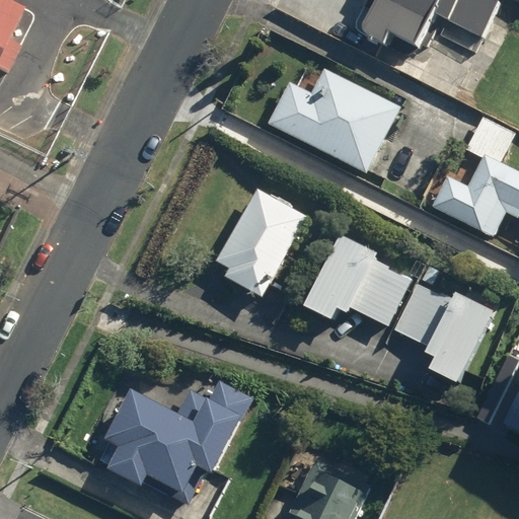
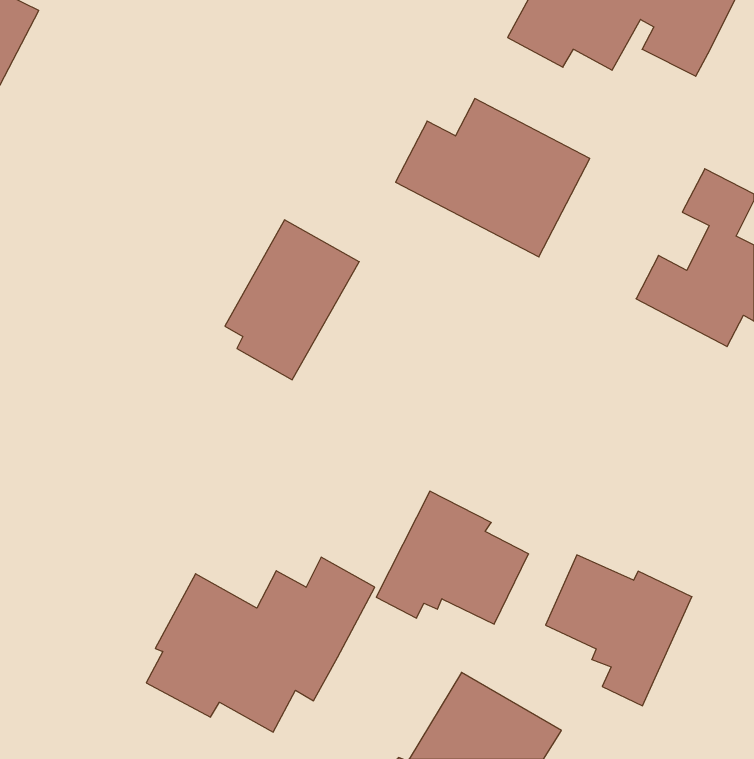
building: [216,188,307,296] -> [225,220,359,380]
building: [305,235,409,325] -> [376,491,529,624]
building: [394,282,494,384] -> [546,555,692,706]

